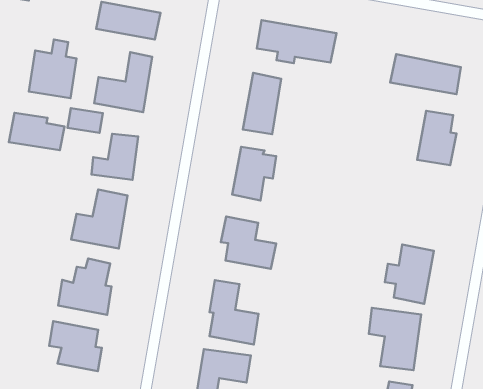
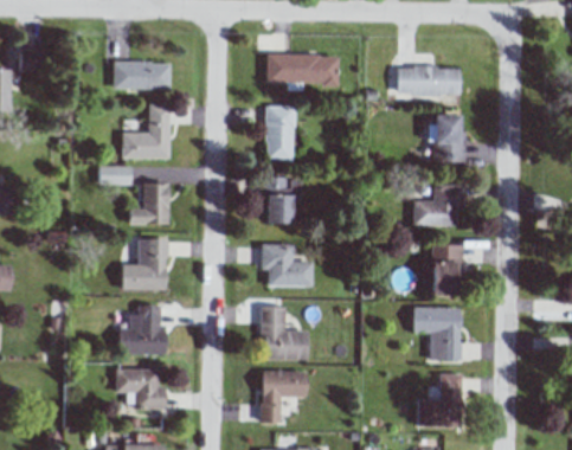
building: [29,39,76,98] -> none
building: [9,113,64,150] -> none
building: none -> [413,184,467,226]

